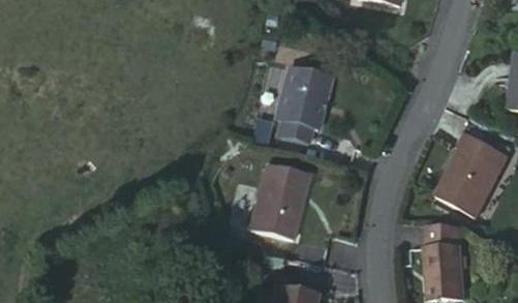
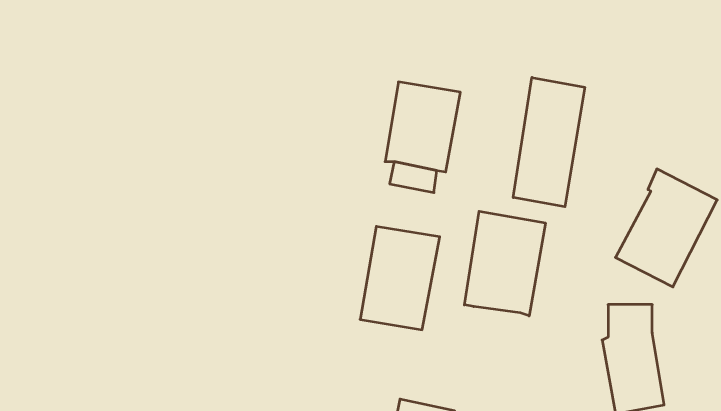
building: none -> [513,77,585,207]
building: none -> [464,211,545,316]

